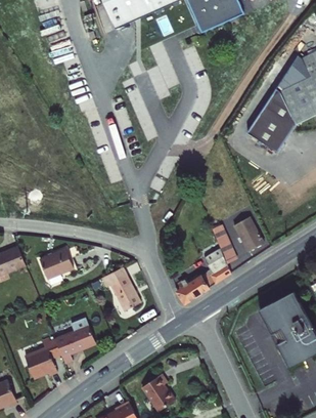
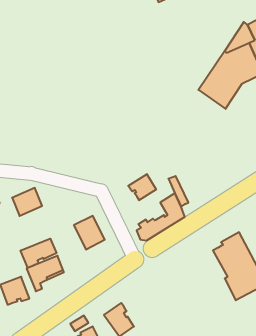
building: [233,219,263,251] -> none
building: none -> [128,174,156,200]
building: none -> [21,239,56,268]

